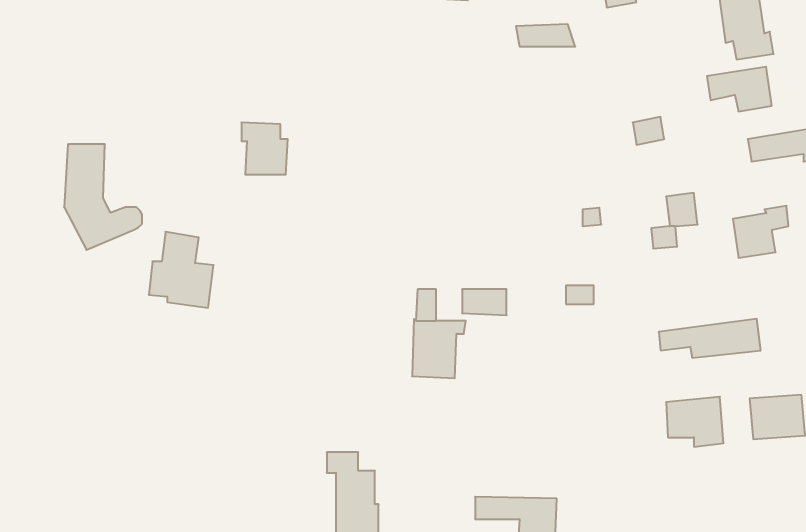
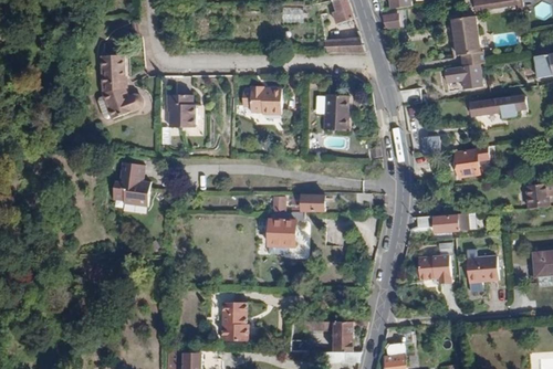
building: none -> [249,85,280,110]
building: none -> [323,93,348,128]
building: [64,144,142,250] -> [100,56,146,119]

